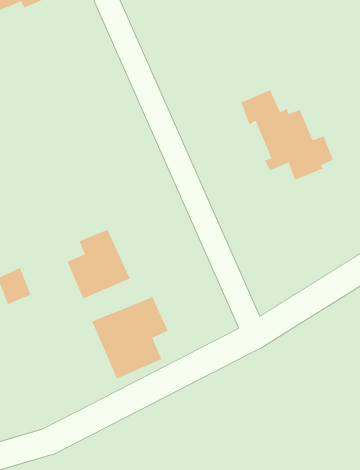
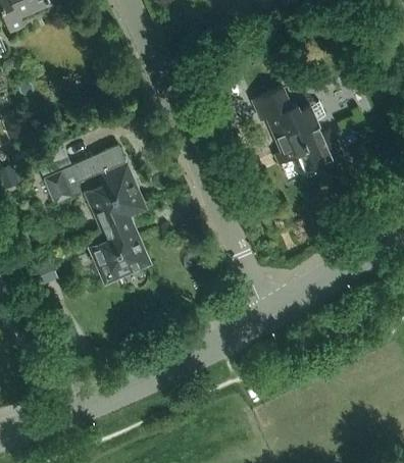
building: none -> [43,145,146,227]
building: [91,296,169,379] -> none

